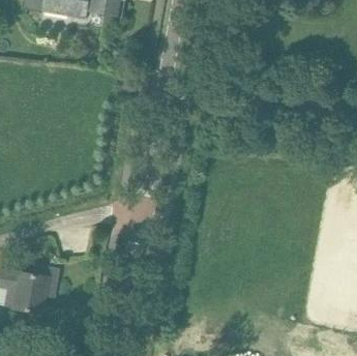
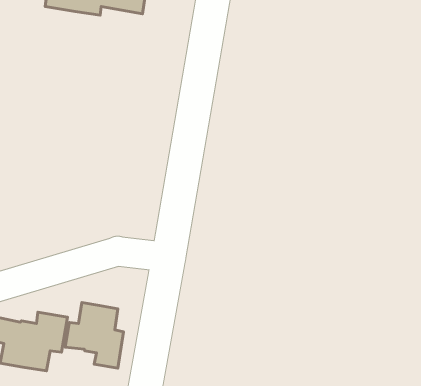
building: none -> [65,303,123,368]

